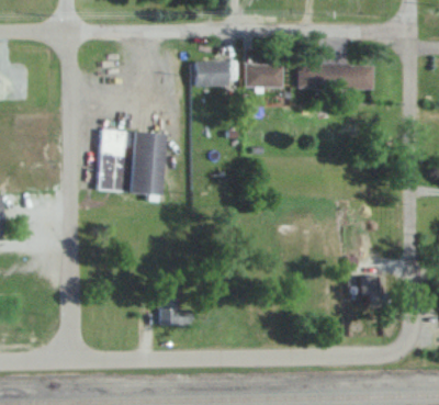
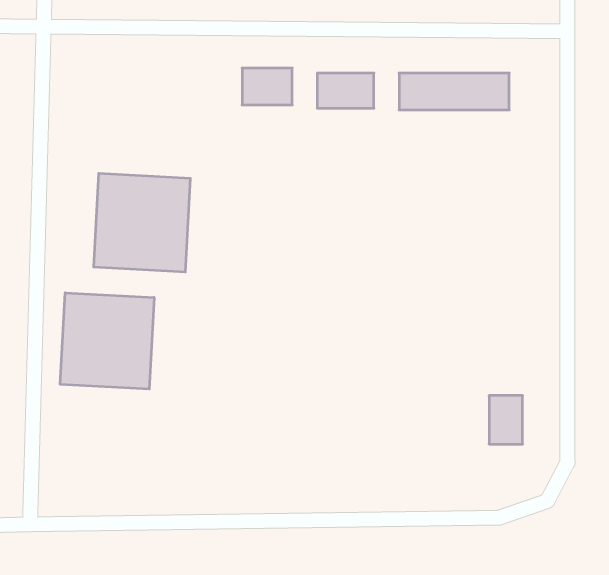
building: none -> [60,293,154,389]
building: [156,299,188,326] -> none

